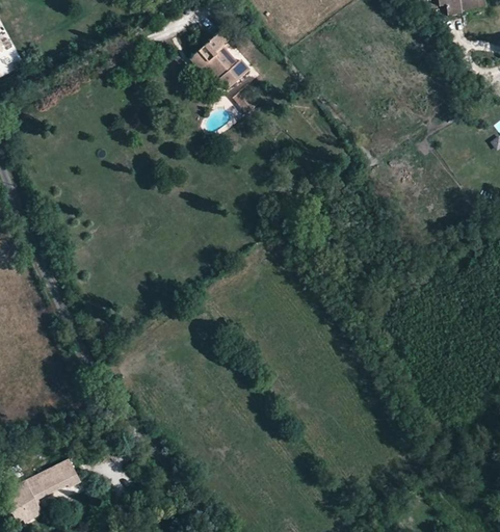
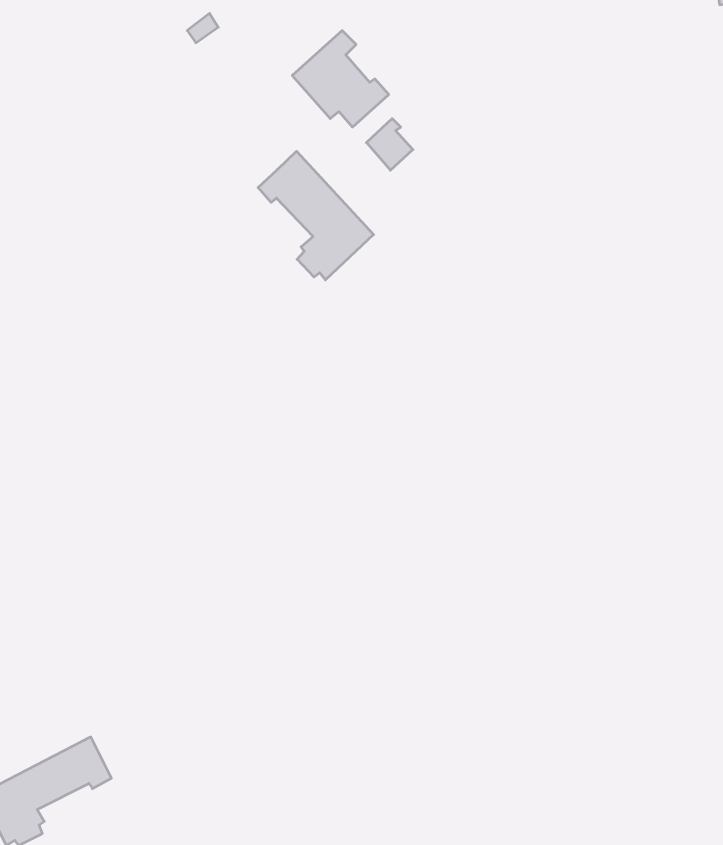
building: none -> [258,151,374,280]

